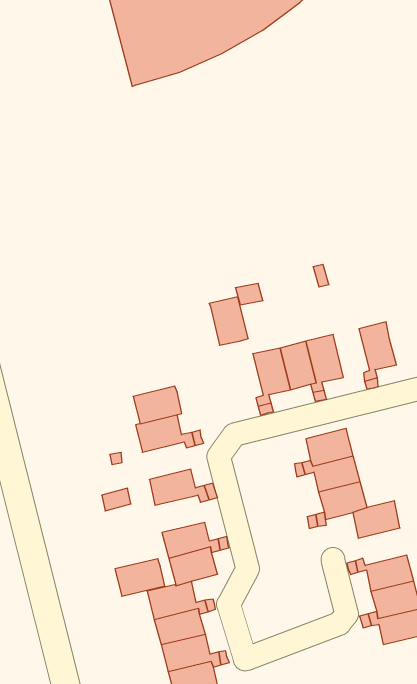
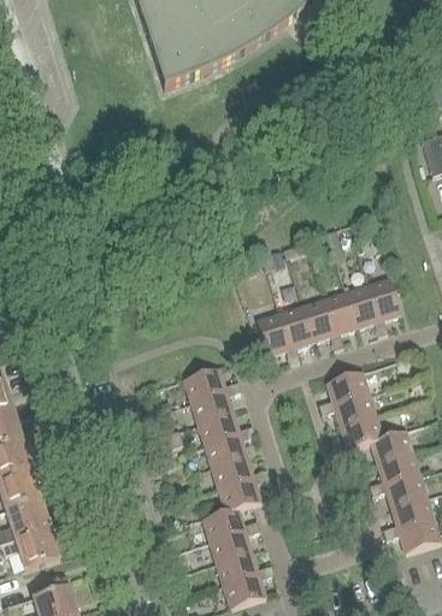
building: [209,297,248,345] -> [254,310,289,353]
building: none -> [346,284,378,326]
building: [133,386,182,424] -> [189,389,231,422]
building: none -> [377,451,419,485]
building: [115,559,165,596] -> [202,433,246,467]

